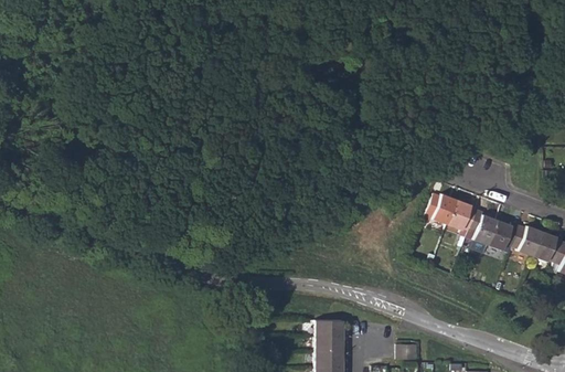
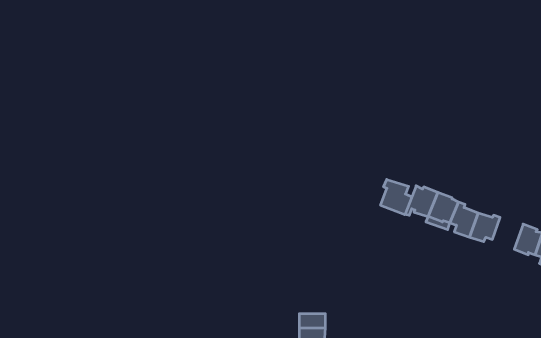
building: none -> [381,179,412,215]
building: [512,224,543,256] -> none

